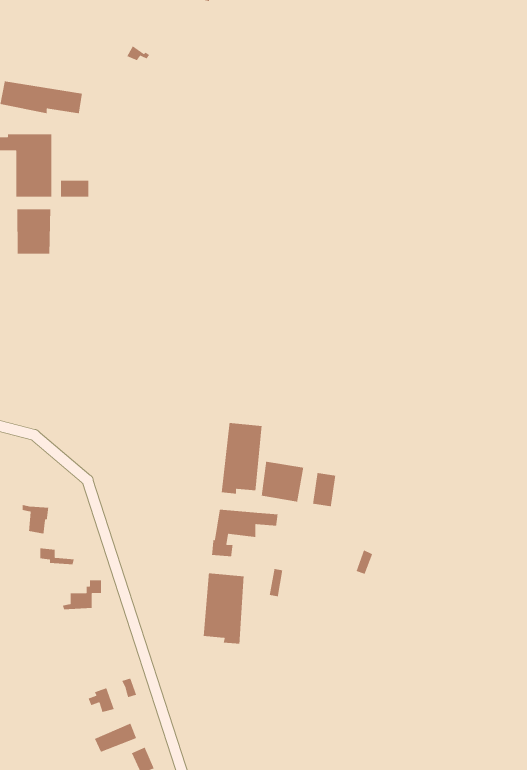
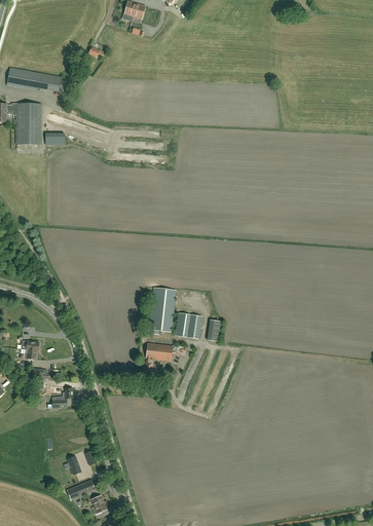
building: [16,209,51,255] -> none
building: [203,573,245,645] -> none

